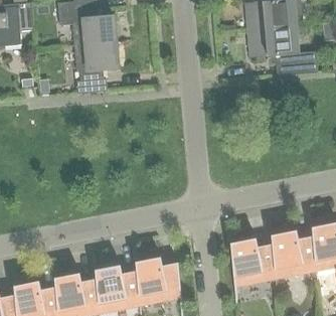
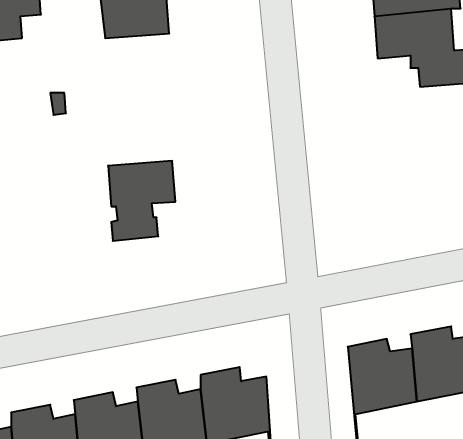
building: [74,41,118,93] -> [108,161,175,241]

